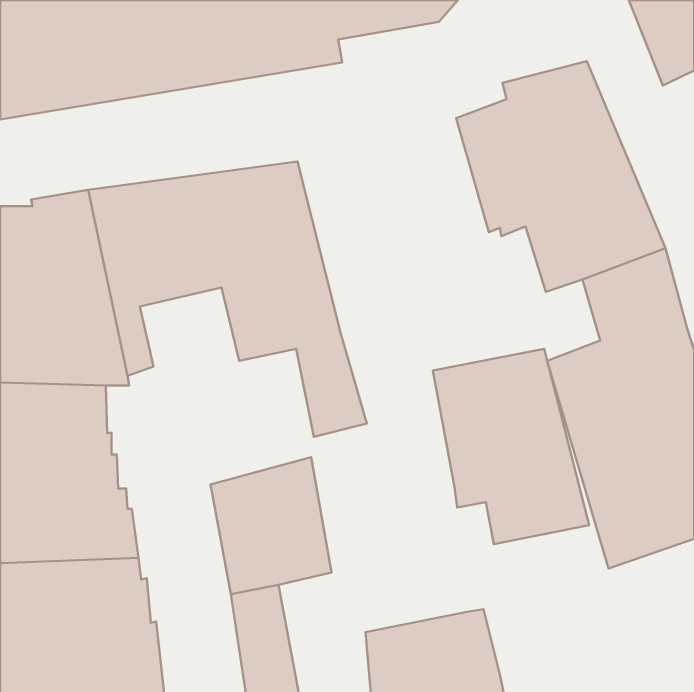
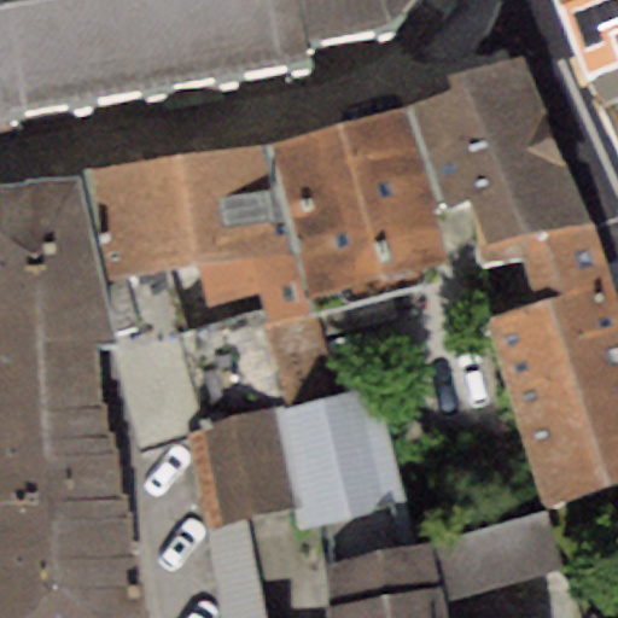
building: none -> [264,106,445,298]
building: [433,349,589,544] -> [276,389,415,562]
building: none -> [430,511,565,601]

